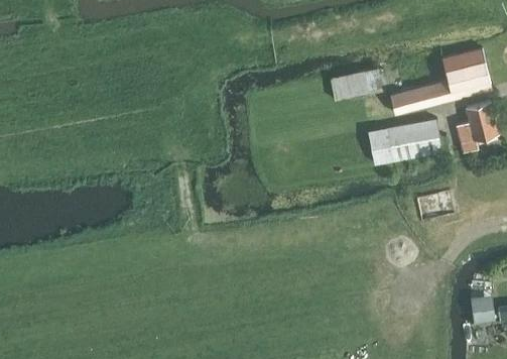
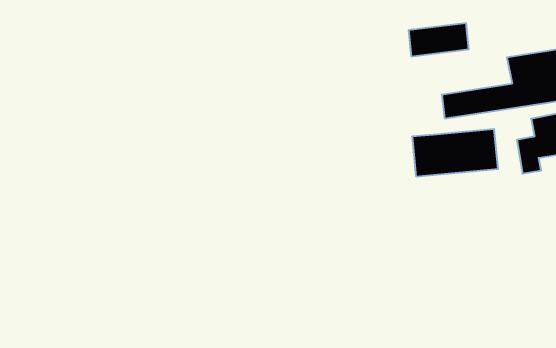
building: [332,69,382,100] -> [409,23,469,56]

